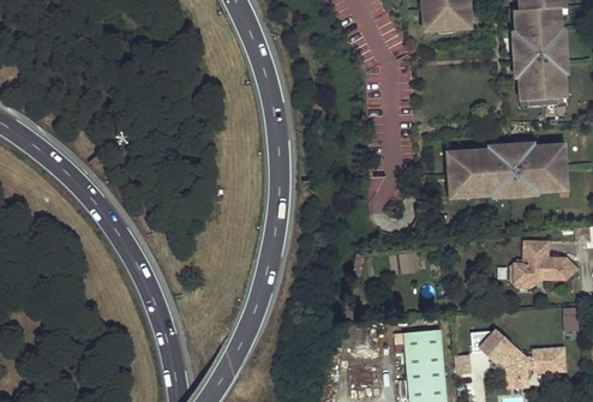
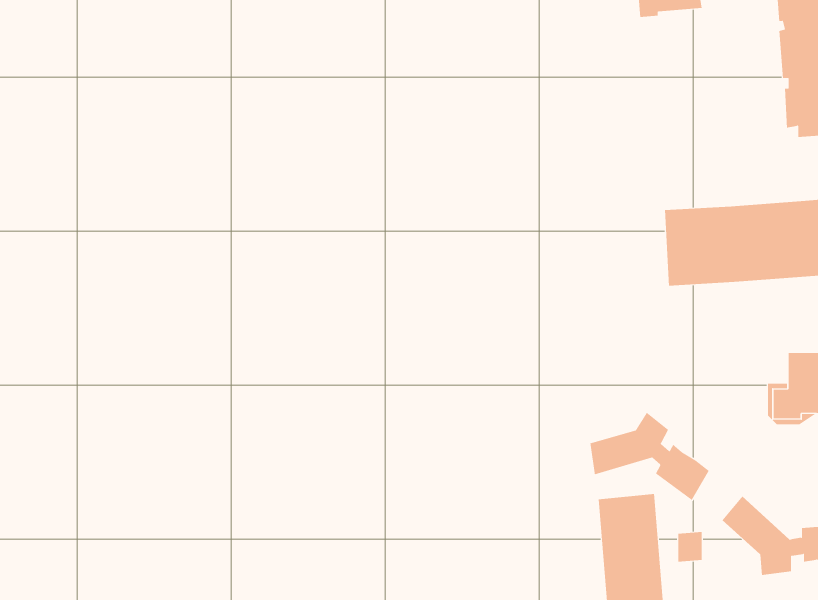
building: none -> [590,412,709,501]

